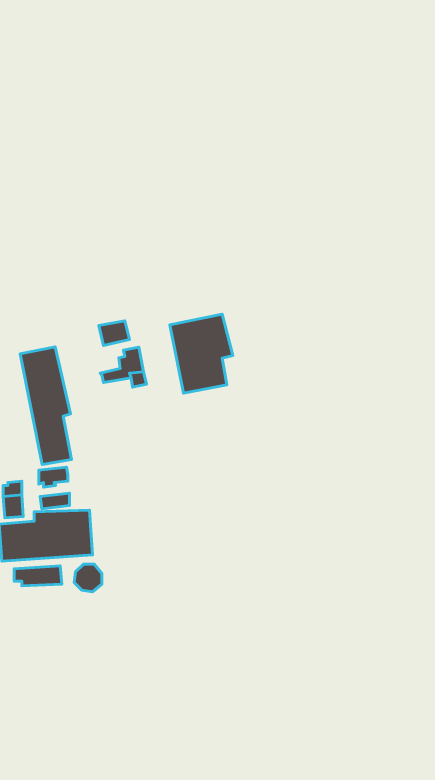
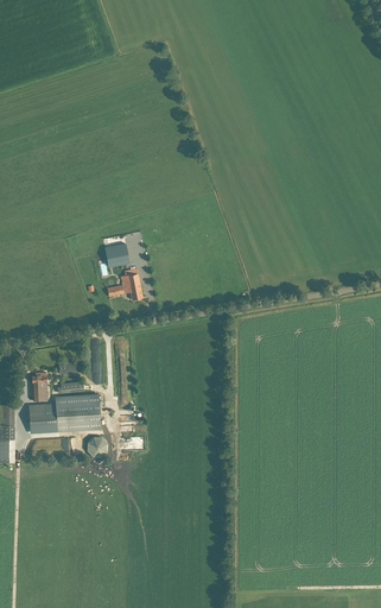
building: [170,314,233,393] -> none
building: [20,347,71,465] -> none

